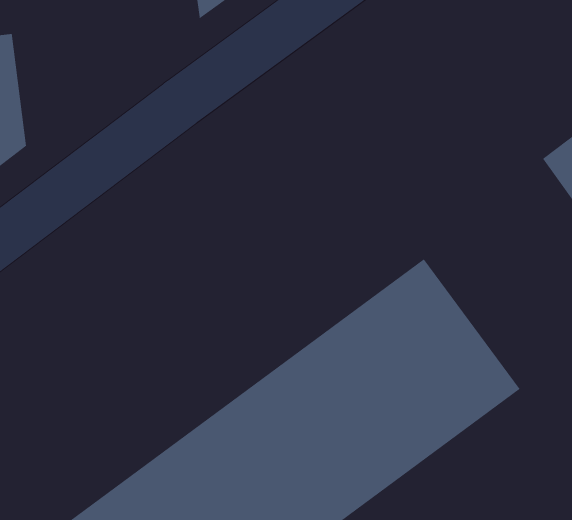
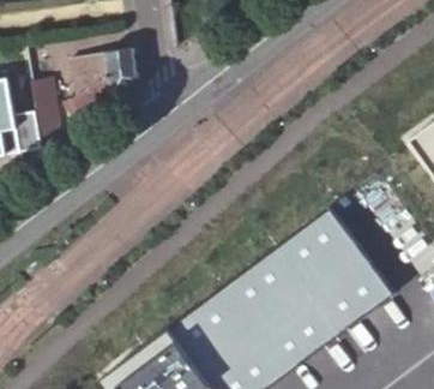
building: none -> [65,49,139,124]

